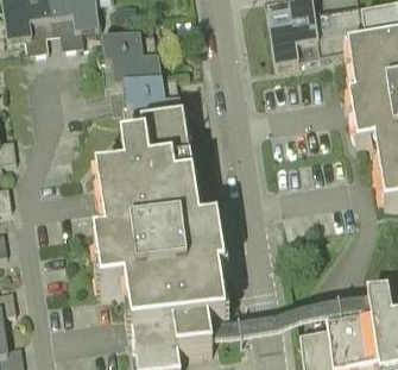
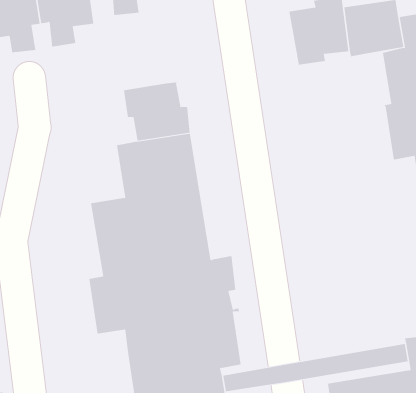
building: [101,31,160,82] -> none

